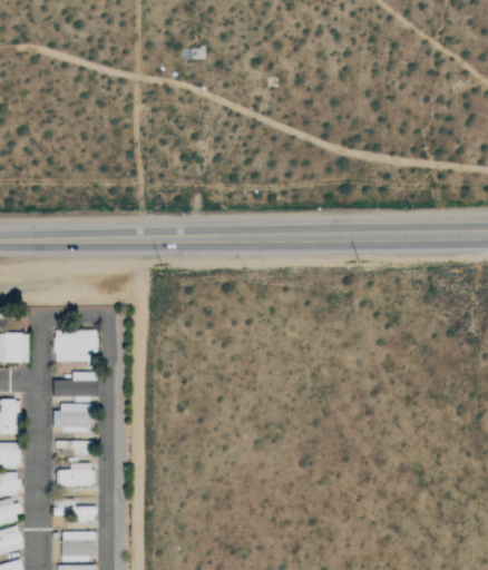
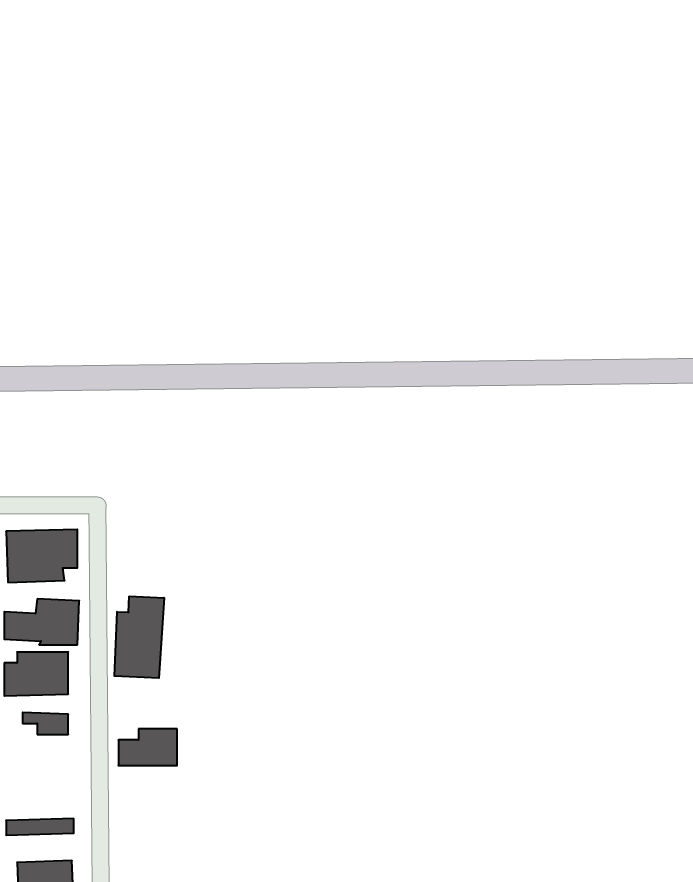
building: none -> [114,596,164,678]
building: [57,463,92,485] -> [118,729,177,766]

